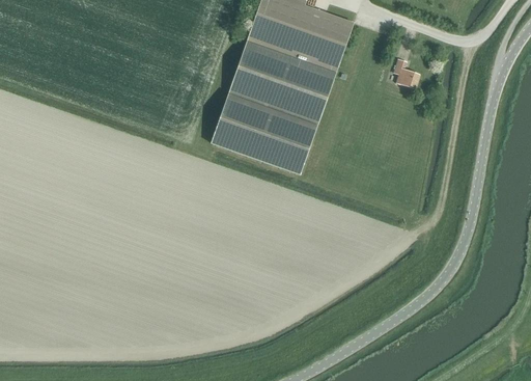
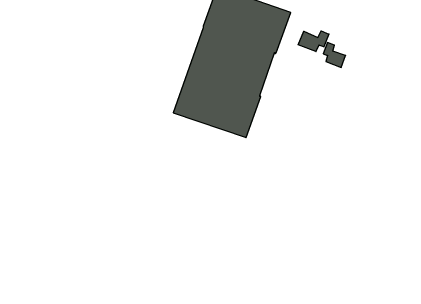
building: none -> [298,31,329,52]

